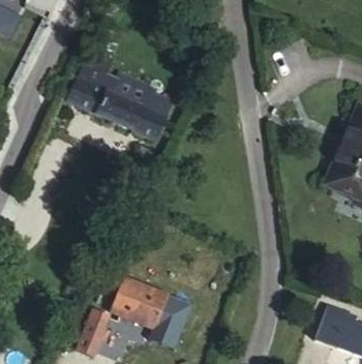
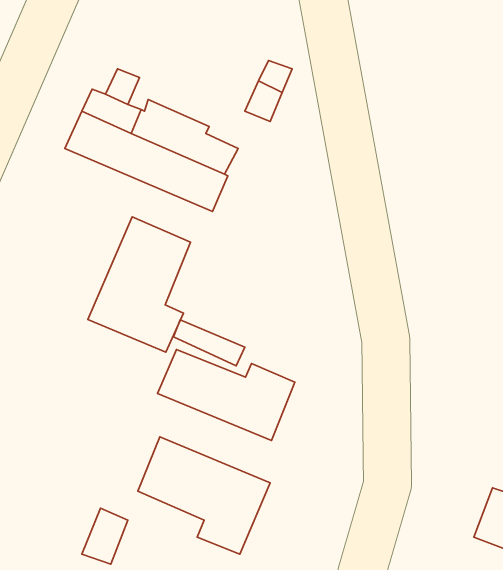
building: none -> [88,217,191,352]
building: none -> [158,350,295,441]

